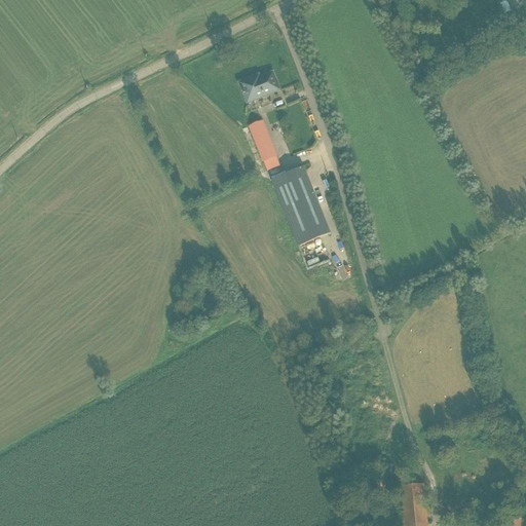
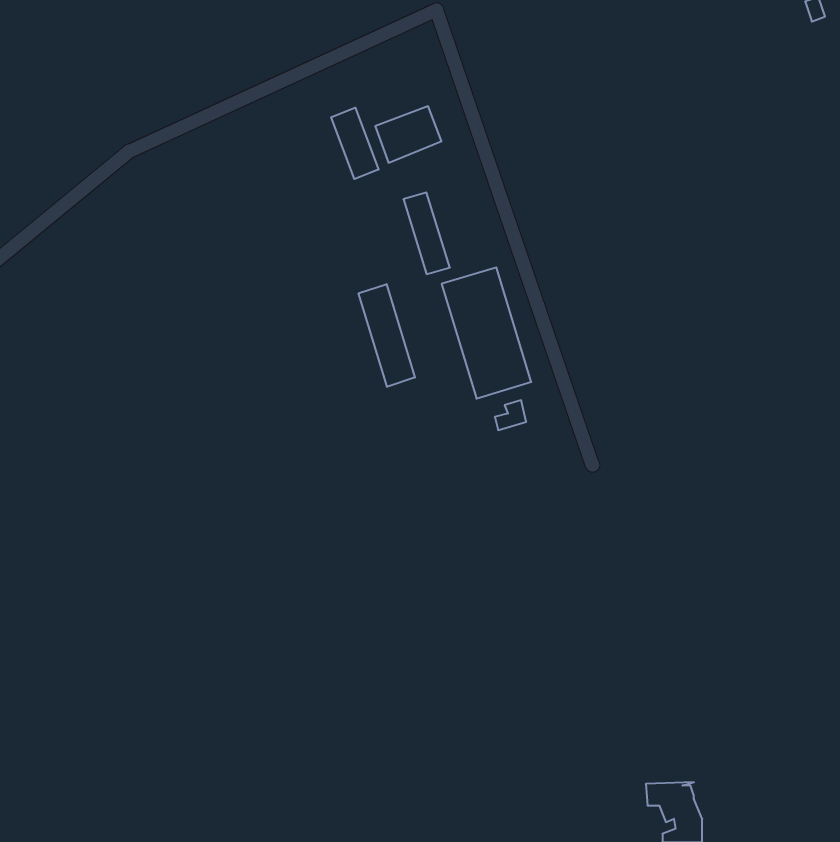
building: none -> [331,108,379,179]
building: none -> [359,284,415,387]

